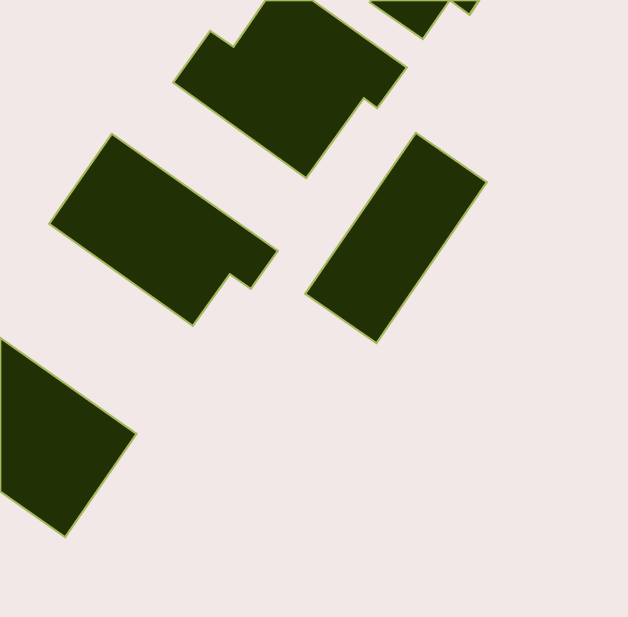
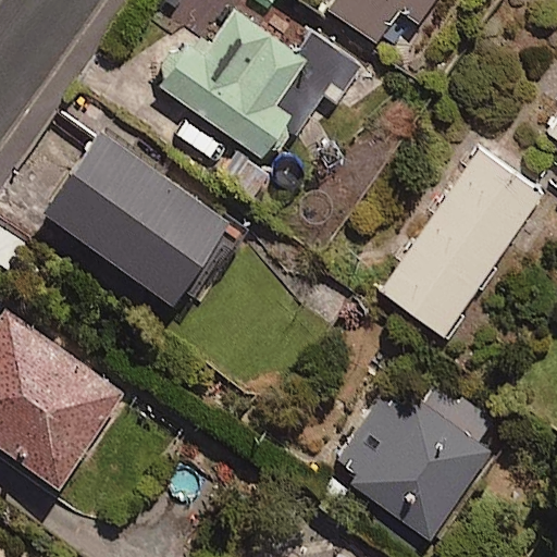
building: [305,133,487,343] -> [380,151,541,337]
building: none -> [330,382,492,537]

